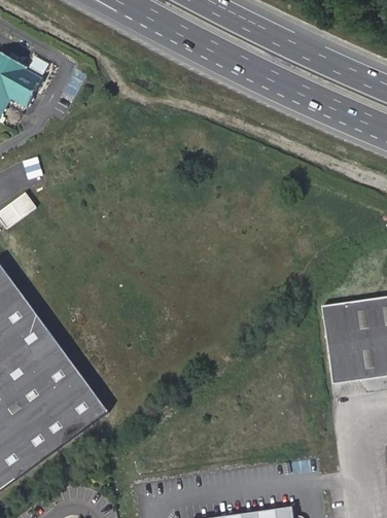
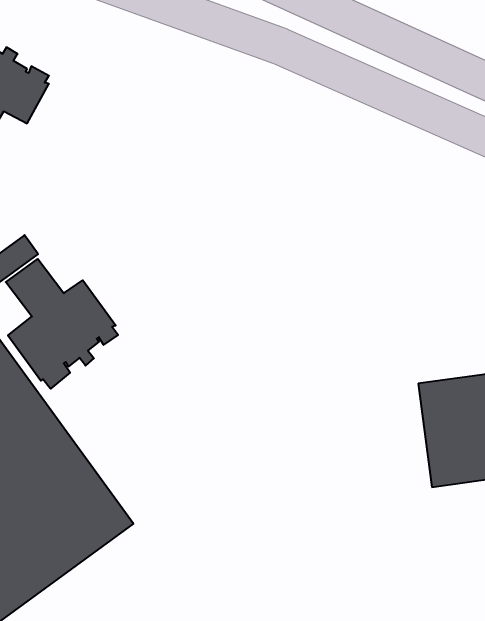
building: none -> [6,259,118,389]

